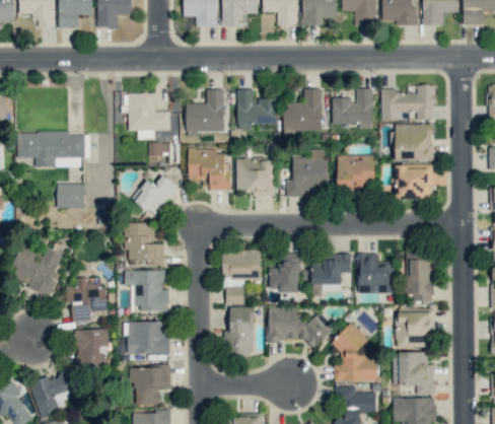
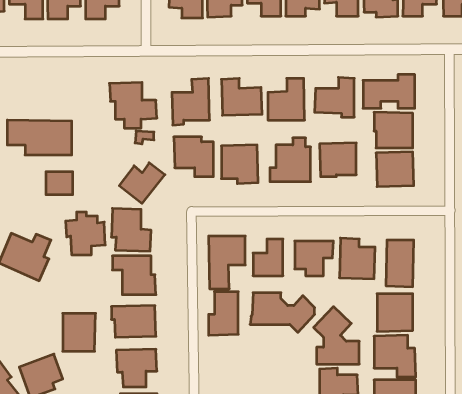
building: [66,278,107,322] -> [66,212,105,255]

